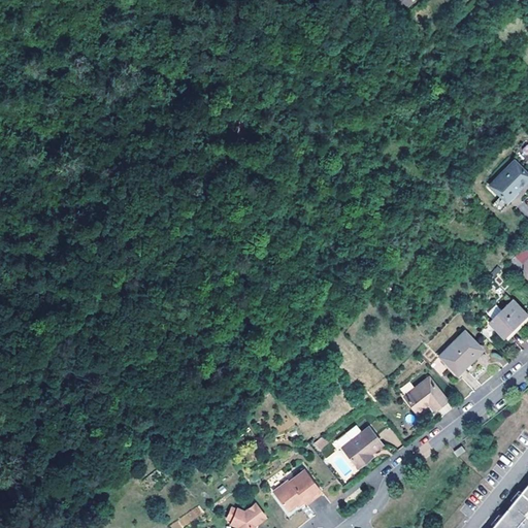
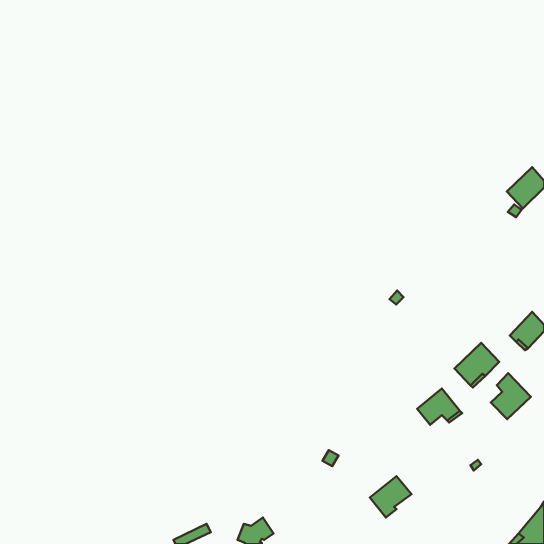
building: none -> [491,373,531,419]
building: [341,428,382,468] -> [370,476,411,518]
building: [272,468,320,508] -> none

